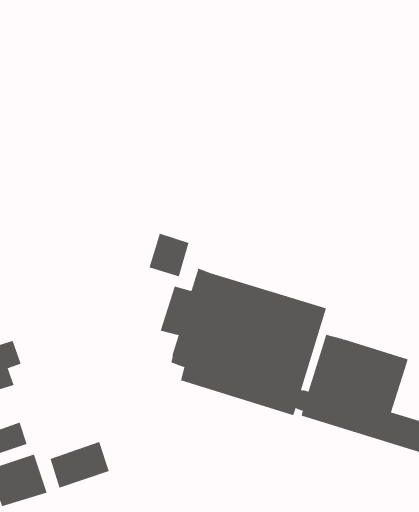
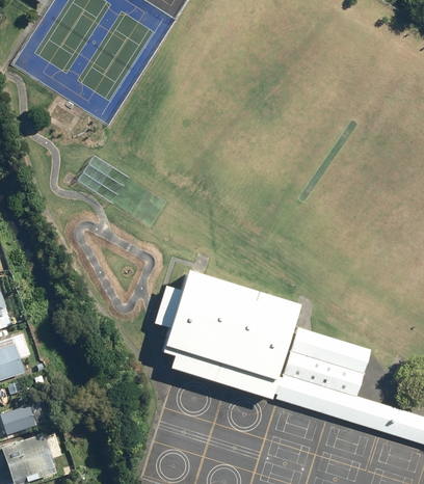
building: [149,233,189,277] -> none
building: [50,441,110,488] -> none

